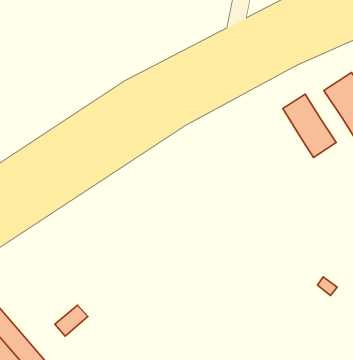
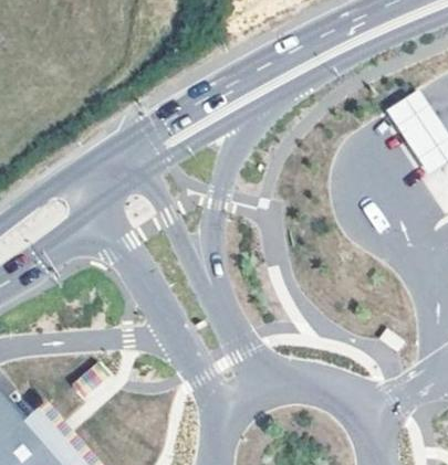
building: [283,94,336,157] -> none

